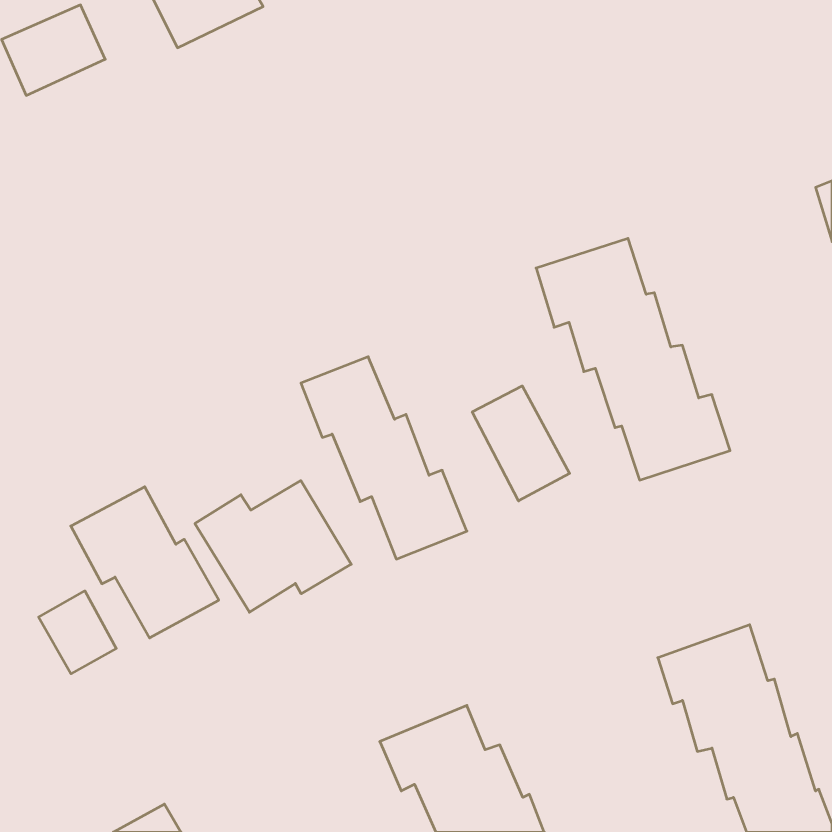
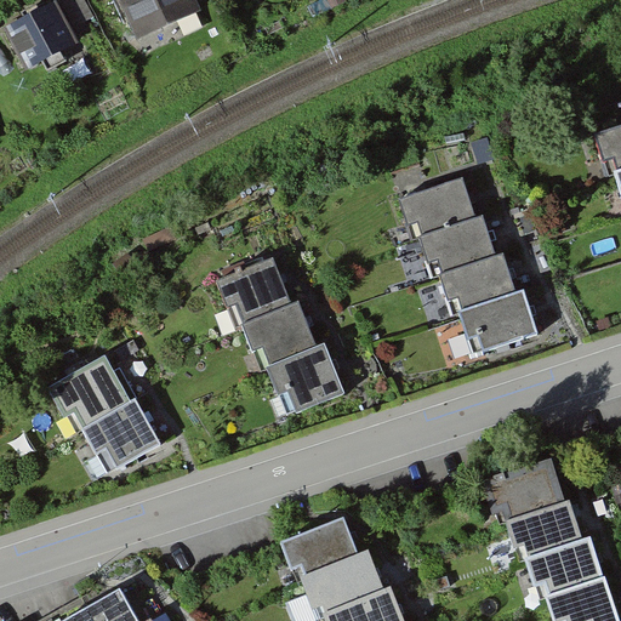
building: [472,386,570,501] -> none
building: [195,481,351,612] -> none
building: [39,591,116,674] -> none

